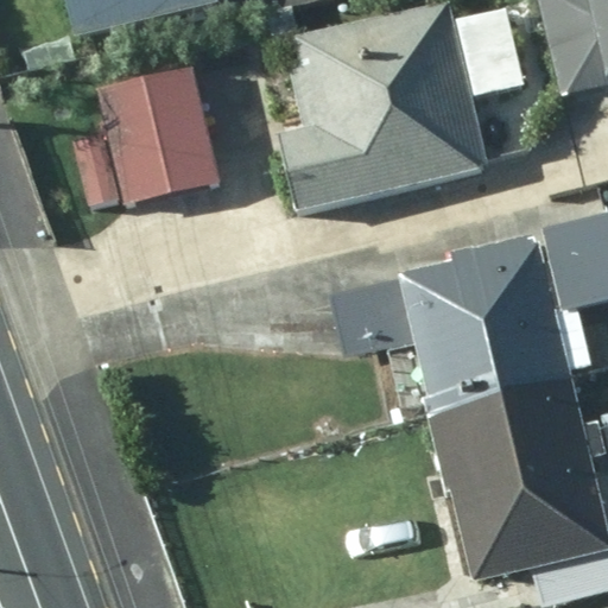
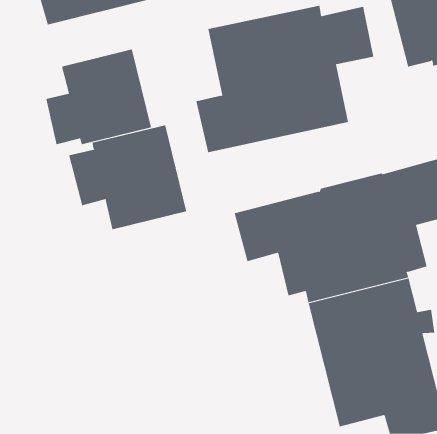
building: none -> [68,124,187,230]

